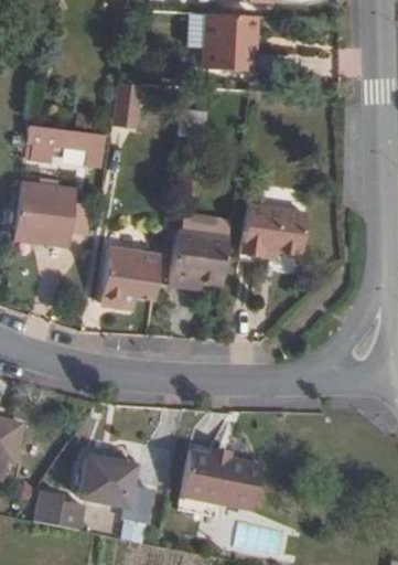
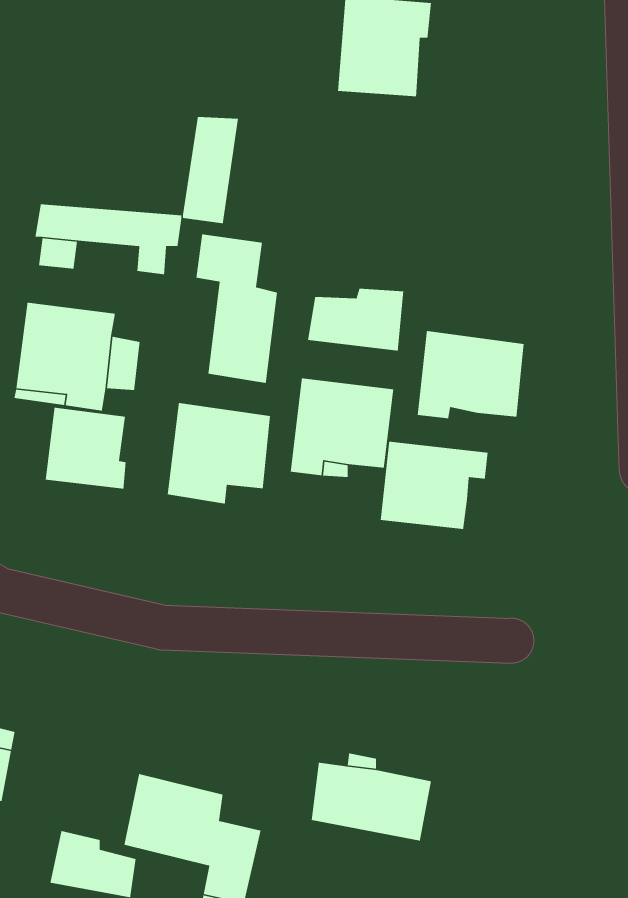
building: none -> [196,234,278,384]
building: none -> [307,288,404,352]
building: none -> [45,407,126,489]
building: none -> [380,441,489,530]

